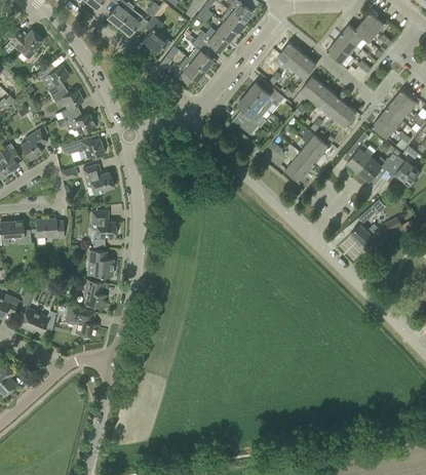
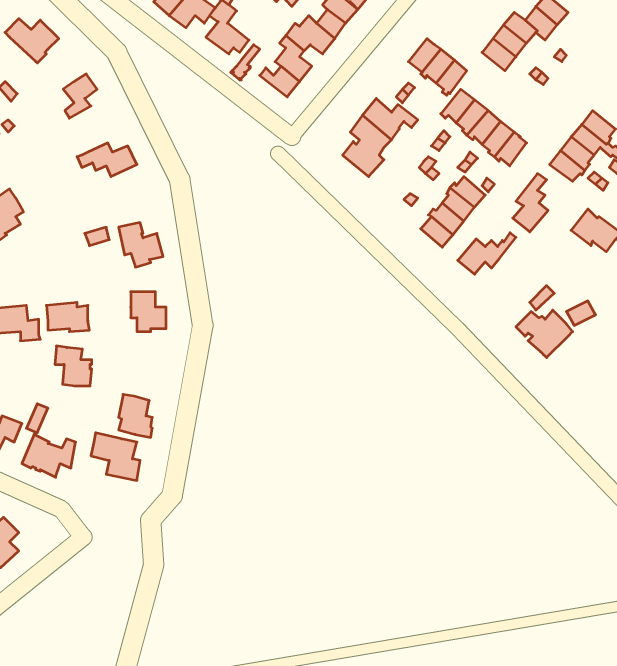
building: [50,87,83,120] -> none
building: [20,129,47,160] -> none
building: [60,137,104,160] -> none
building: [358,153,397,181] -> [458,233,516,274]
building: [88,249,113,276] -> [55,346,92,386]

